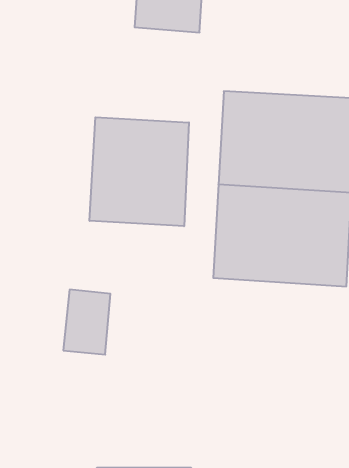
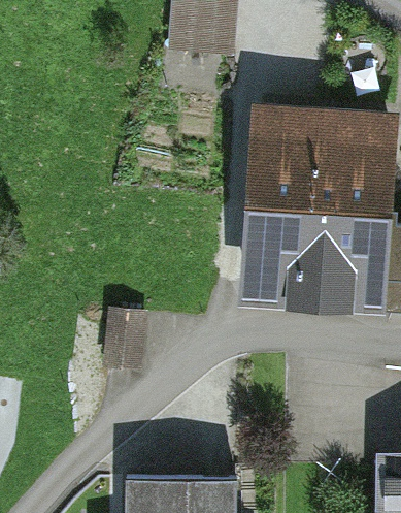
building: [90,117,189,226] -> none

